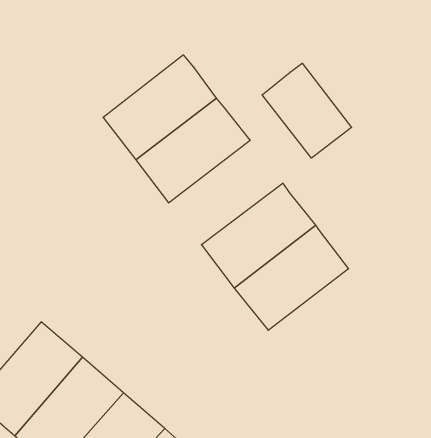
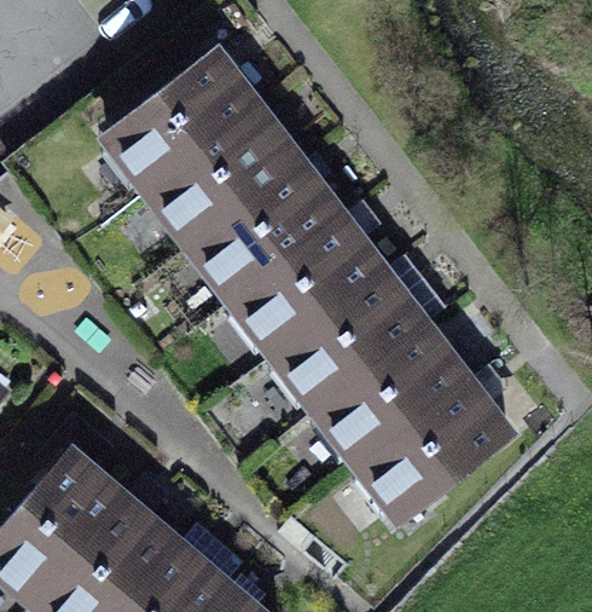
building: none -> [111,51,257,186]
building: [262,63,352,158] -> none
building: none -> [238,215,385,351]
building: none -> [366,381,512,516]

